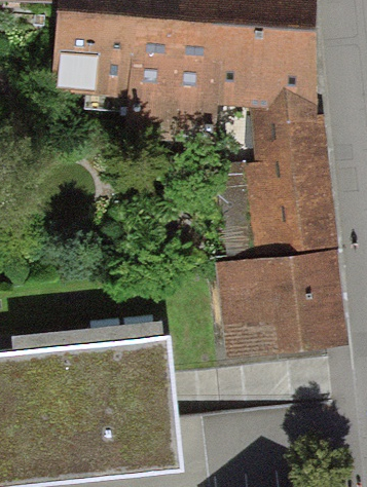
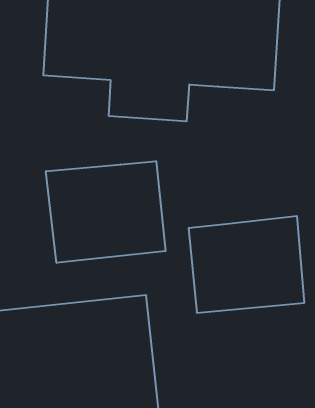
building: [244,102,336,256] -> none
building: none -> [46,161,165,263]

